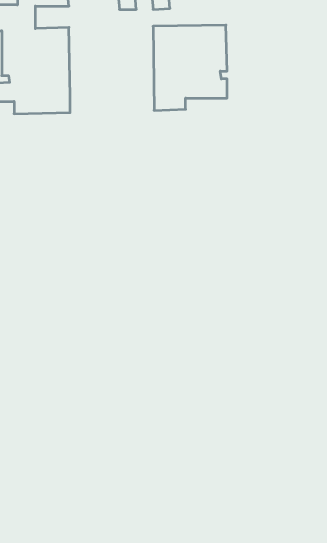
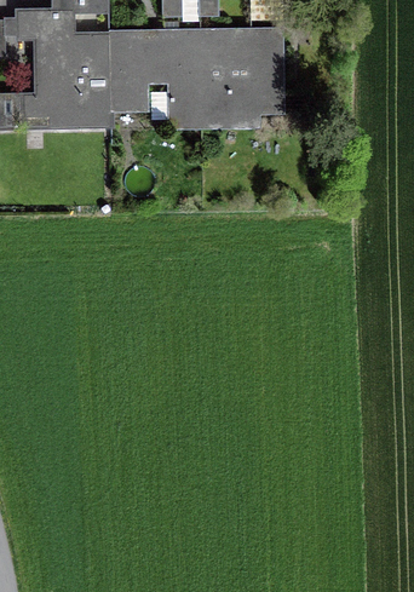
building: none -> [108,31,200,122]

